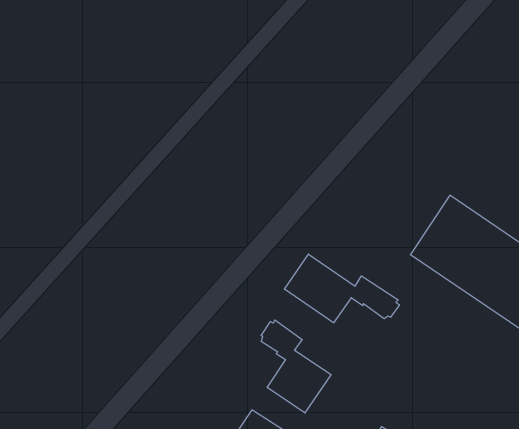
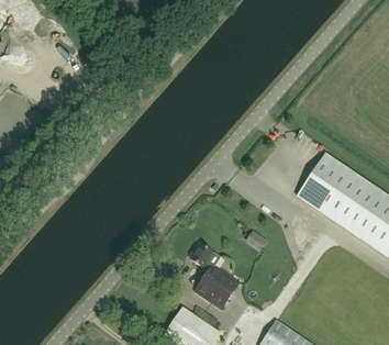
building: [284,254,399,323] -> none

